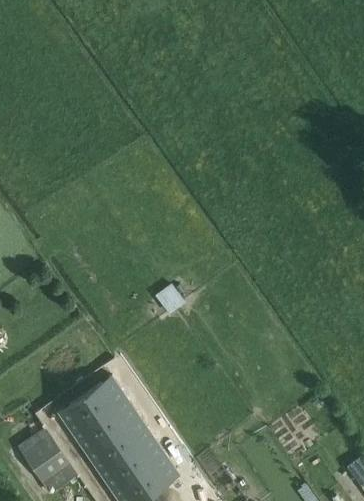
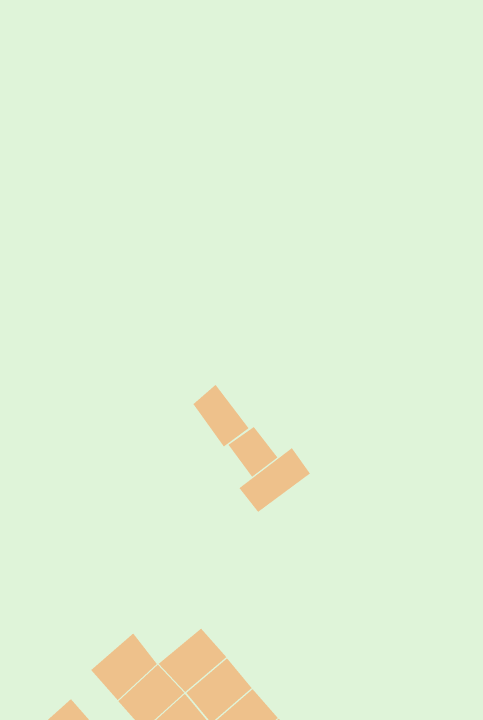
building: none -> [193,384,249,447]
building: none -> [239,447,311,513]
building: [86,377,126,415] -> none

